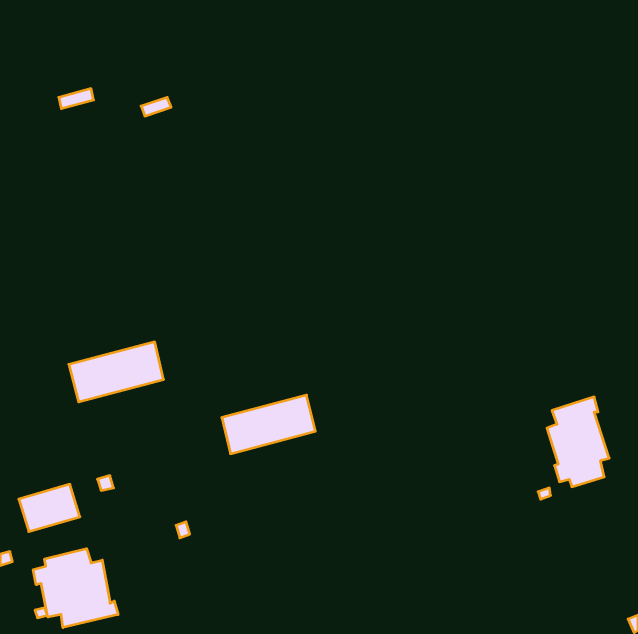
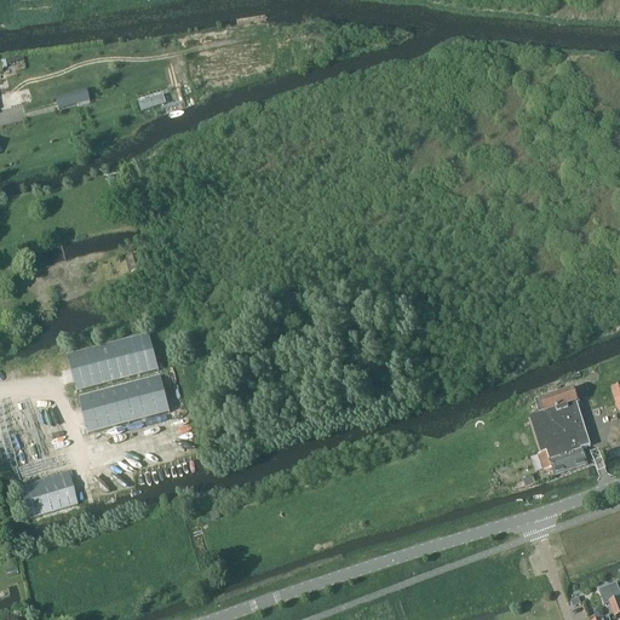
building: [222,395,315,454] -> [79,374,170,431]
building: [33,549,118,628] -> none

